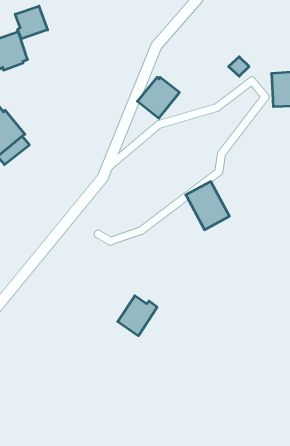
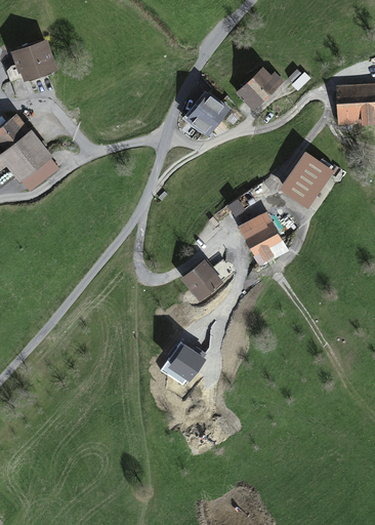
building: [15,6,48,39] -> none
building: none -> [235,66,283,111]
building: none -> [280,153,334,209]
building: none -> [179,258,233,301]

